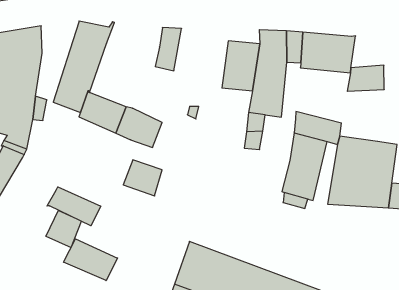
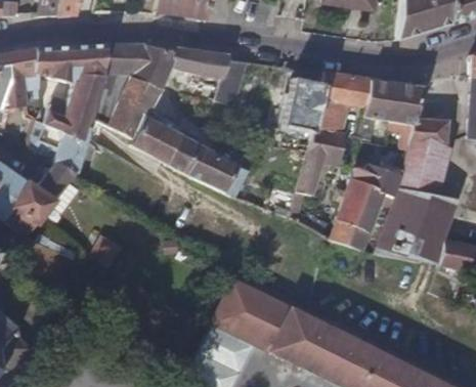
building: none -> [103,43,144,72]
building: none -> [170,48,229,78]
building: none -> [397,142,447,197]
building: [123,160,162,196] -> [206,155,247,194]
building: [47,187,101,226] -> none
building: [64,239,118,281] -> none

